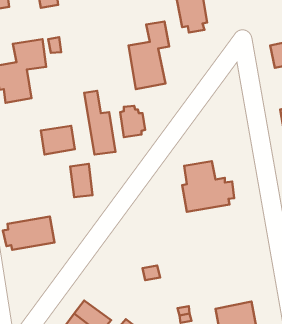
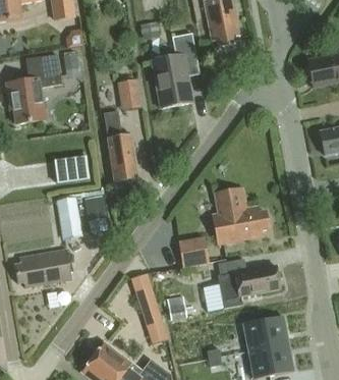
building: [120,106,145,137] -> [118,76,146,111]
building: none -> [57,198,83,238]
building: none -> [177,239,208,267]
building: none -> [217,259,280,309]
building: none -> [131,273,164,330]
building: none -> [243,316,288,351]

